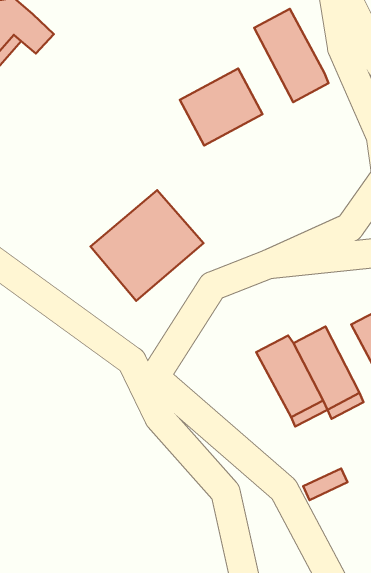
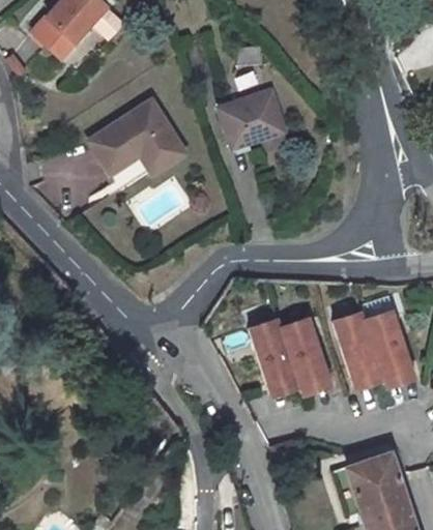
building: [254,9,329,102] -> none
building: [91,190,204,301] -> [92,98,186,187]

